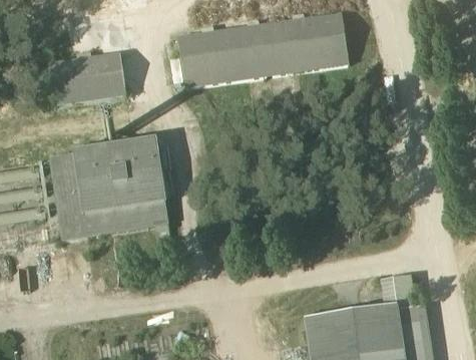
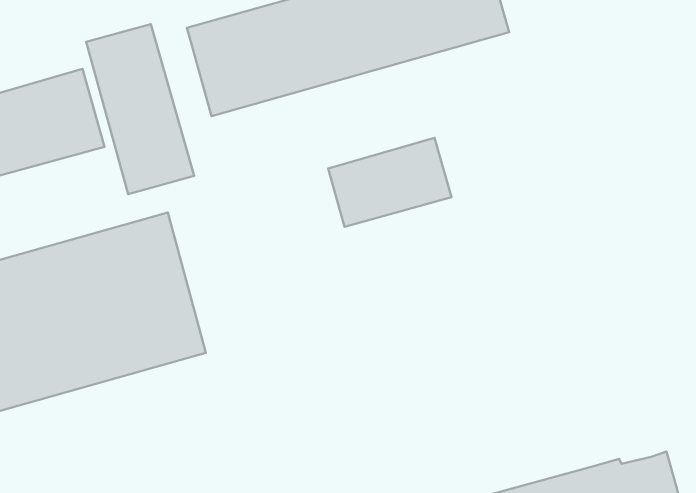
building: none -> [86,24,194,194]
building: none -> [328,138,451,227]

